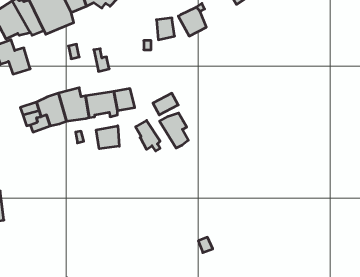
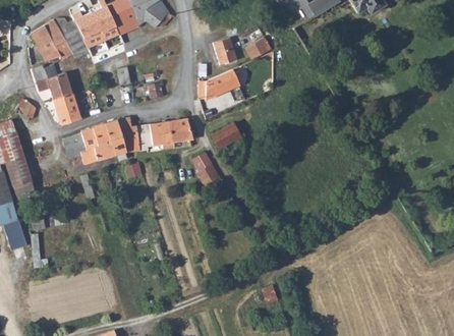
building: none -> [207,70,239,99]
building: none -> [55,96,81,124]
building: [160,113,188,148] -> none
building: [96,126,119,149] -> none

